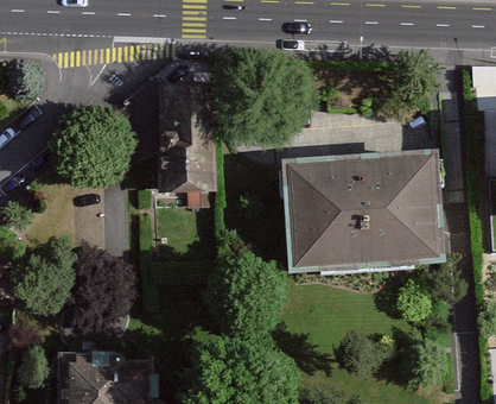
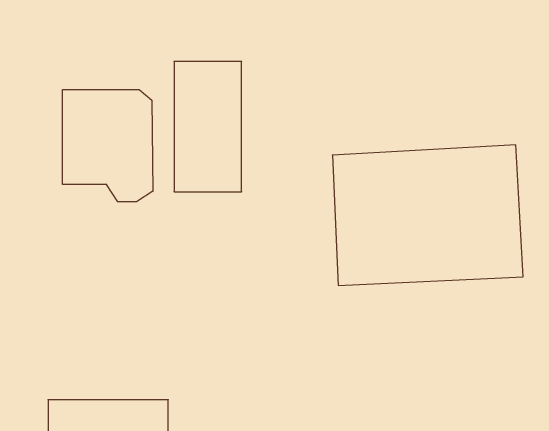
building: none -> [63,90,153,202]

